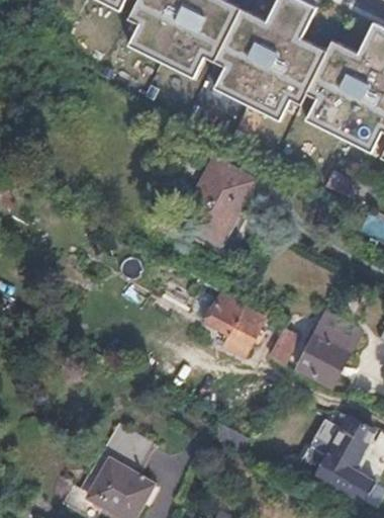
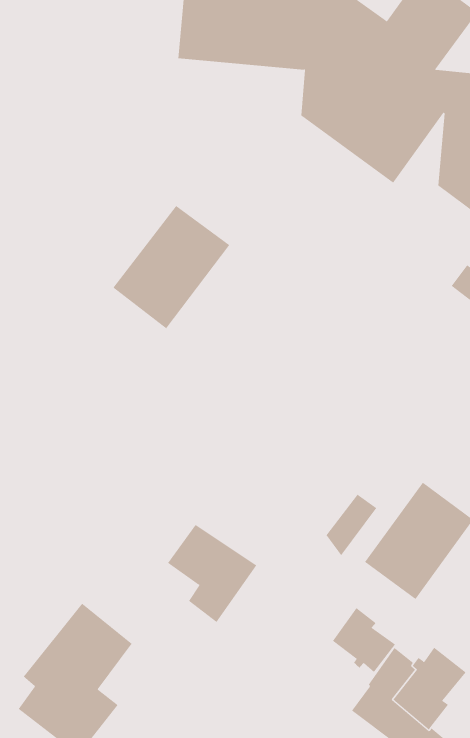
building: [185,160,256,240] -> [113,205,230,329]
building: [208,296,266,357] -> [167,524,257,623]
building: none -> [332,607,396,673]

